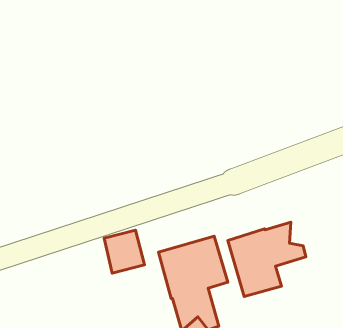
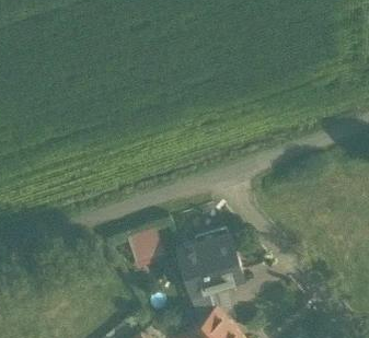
building: [228,222,306,297] -> none

